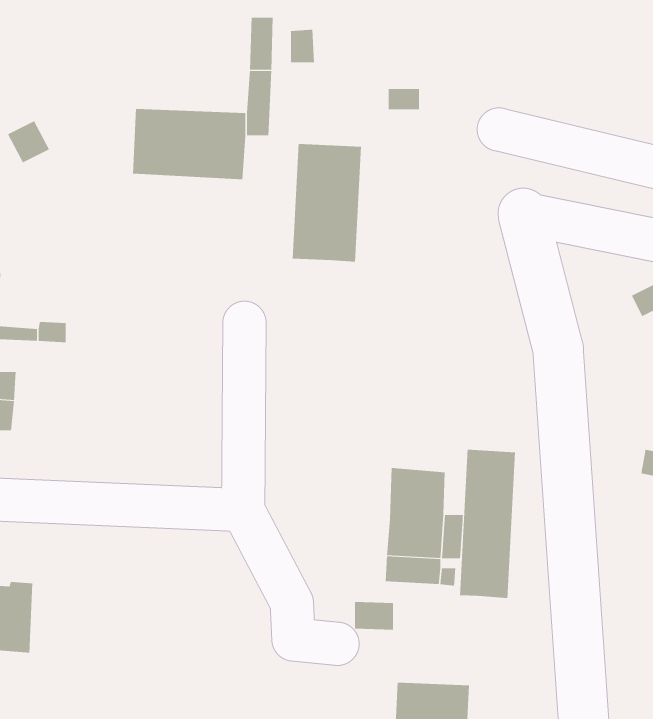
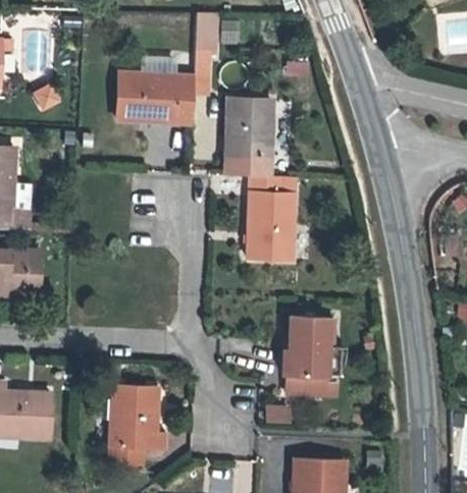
building: none -> [246,176,293,258]
building: [460,449,516,599] -> none
building: none -> [110,385,164,449]

